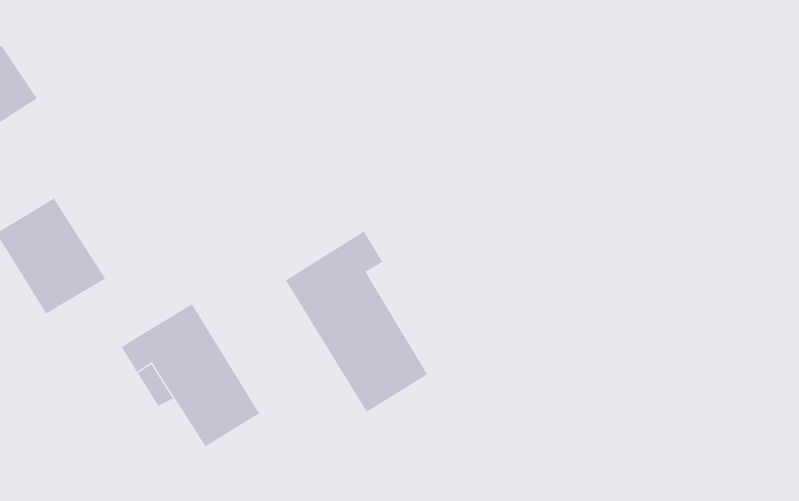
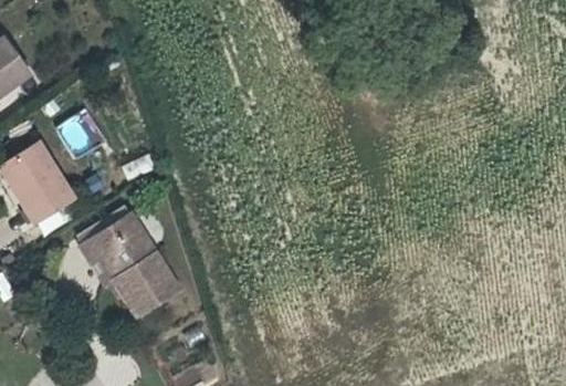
building: [285,231,428,413] -> none

